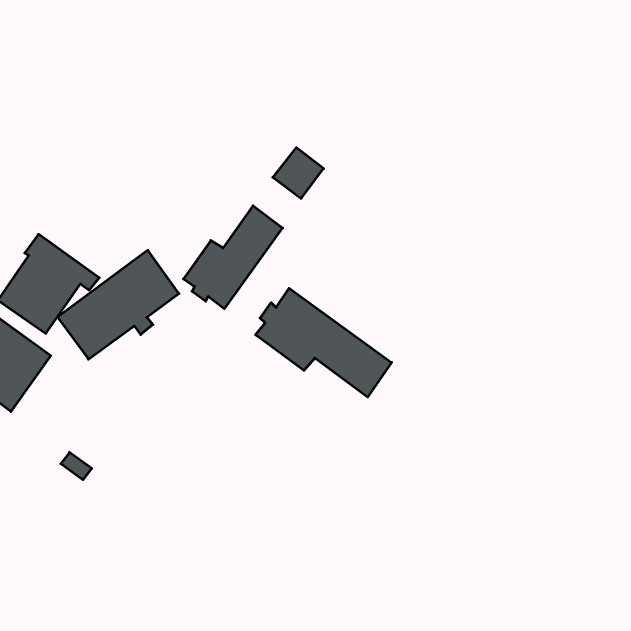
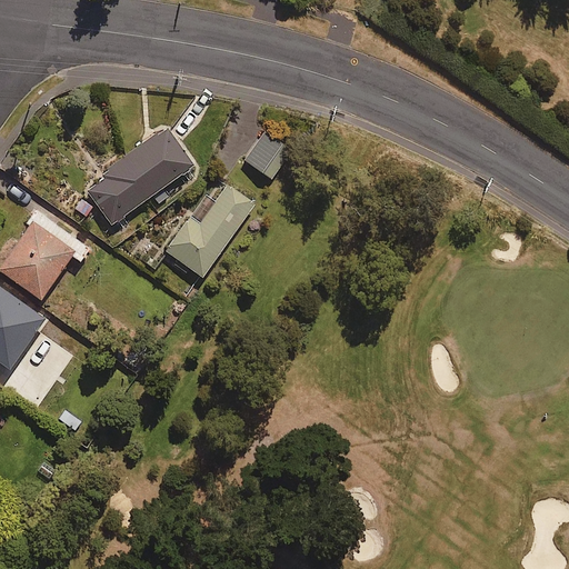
building: [57,250,179,359] -> [83,127,192,224]
building: [256,288,392,397] -> none

